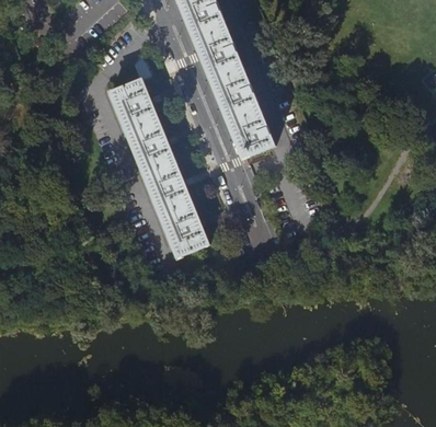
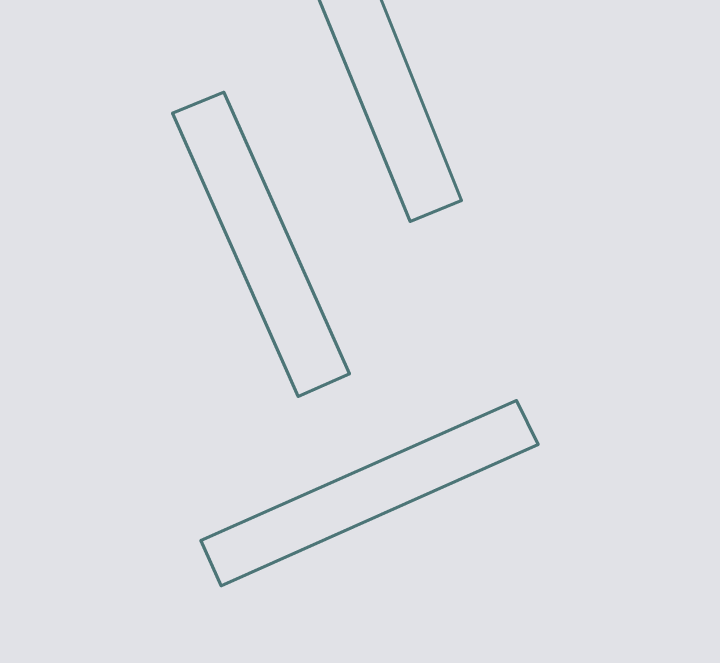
building: none -> [201,401,538,586]

